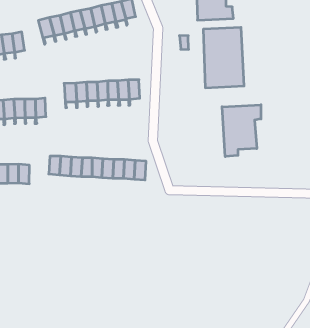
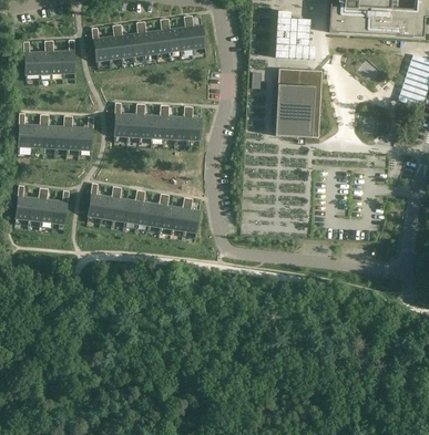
building: [222,105,261,157] -> none

